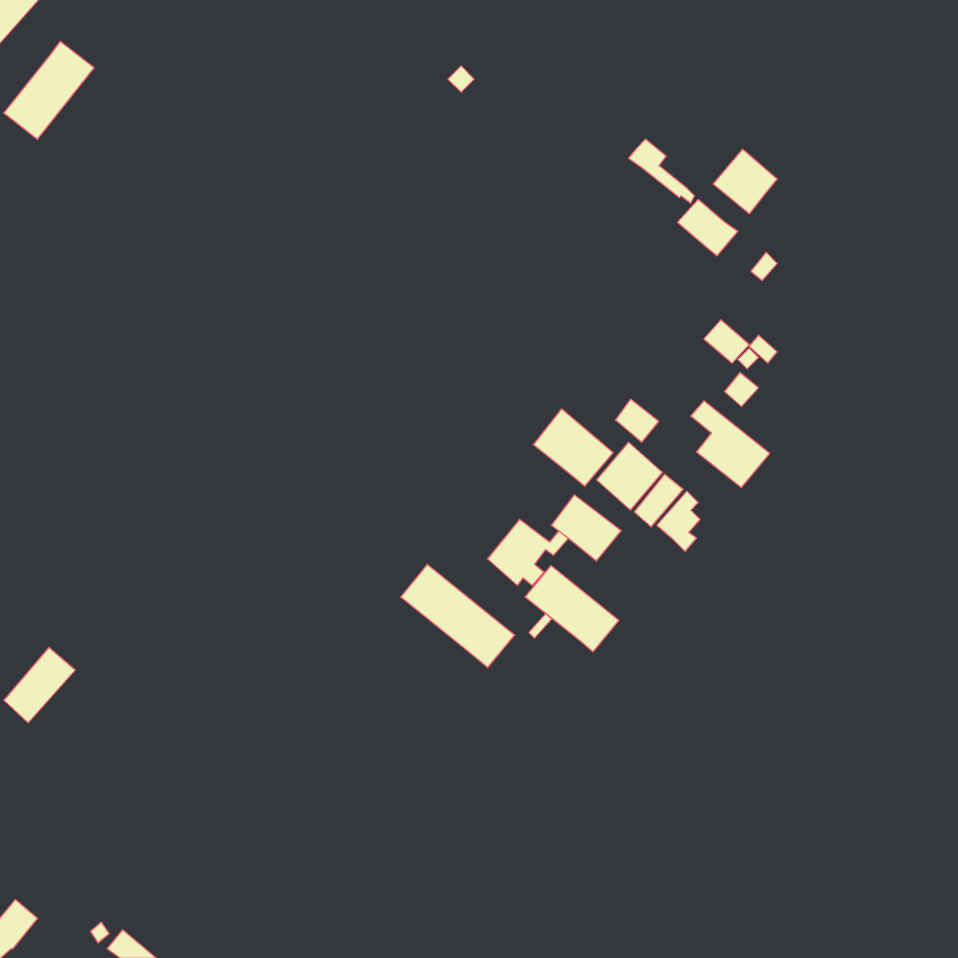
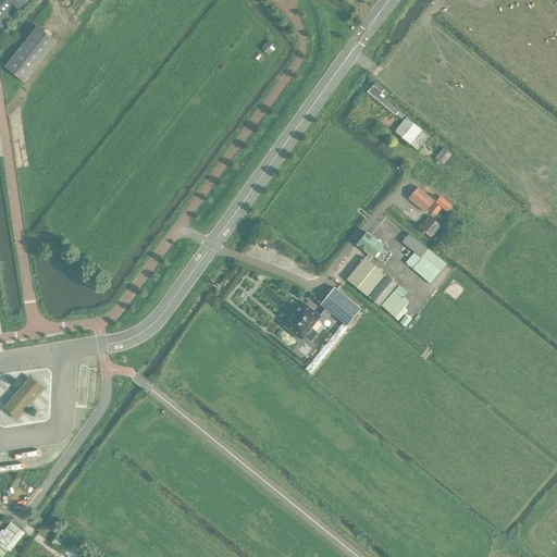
building: [713,149,777,214] -> none
building: [533,409,613,486] -> none
building: [401,564,515,668] -> none
building: [525,566,619,652] -> none

